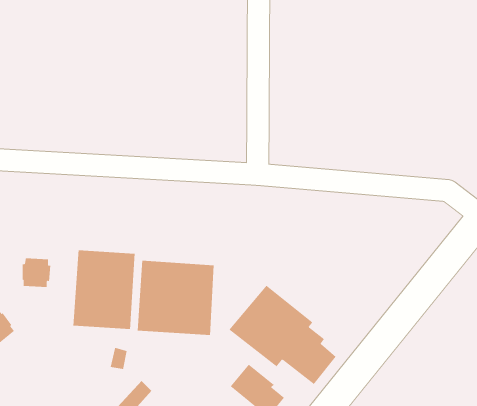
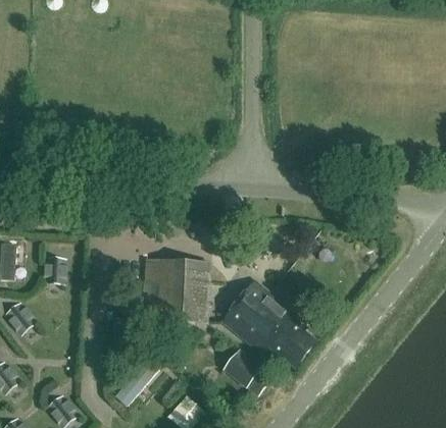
building: [73,250,135,330] -> none

